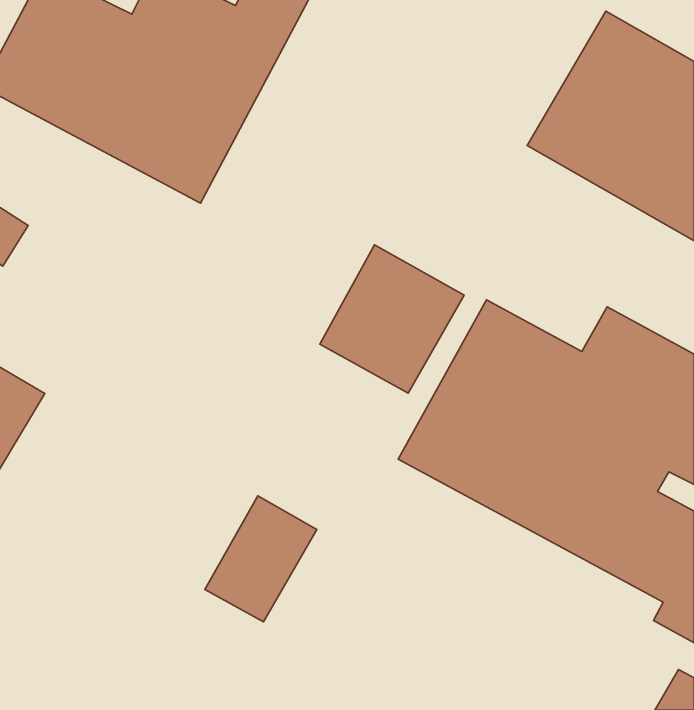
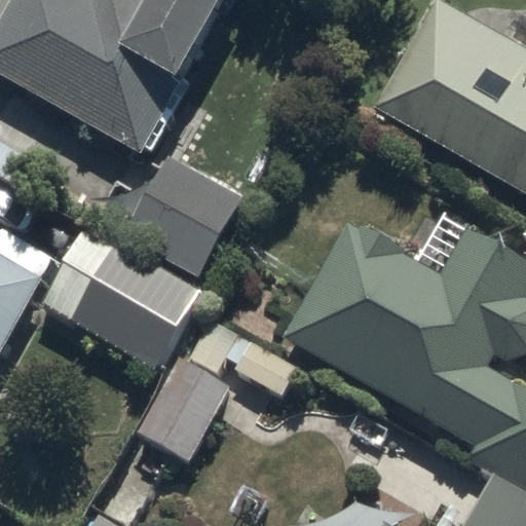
building: [320,245,464,393] -> [135,161,240,270]
building: none -> [52,236,200,369]

